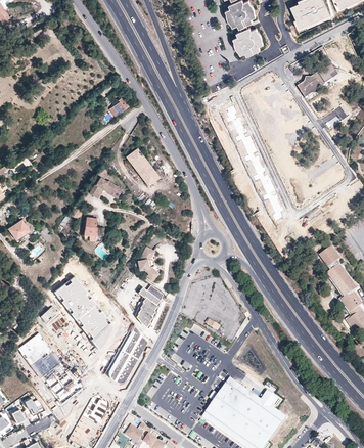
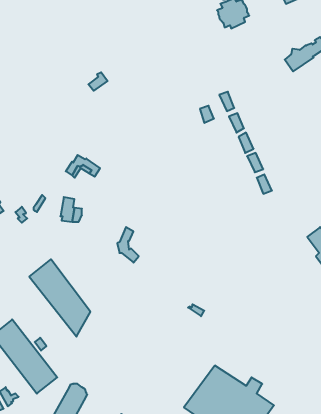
building: [127,148,156,180] -> none
building: [136,285,163,327] -> none
building: [109,325,146,383] -> none

